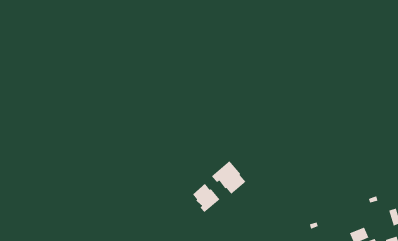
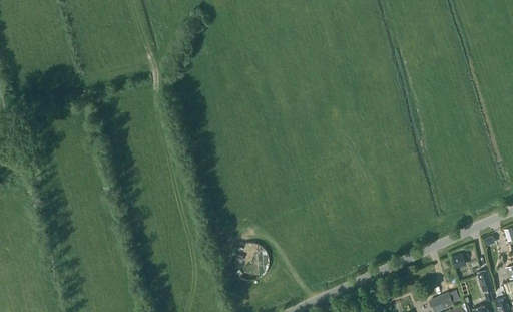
building: [211,160,247,195] -> none

